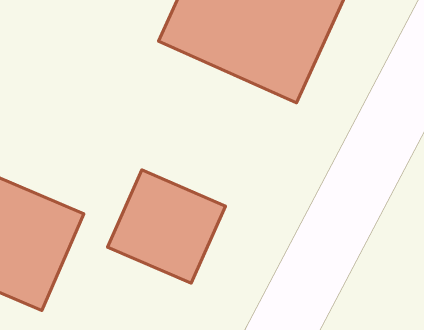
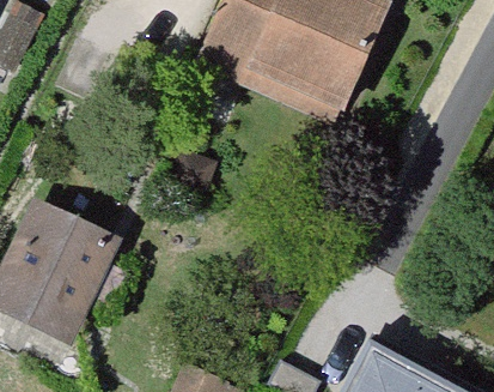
building: [107,170,226,283] -> none

